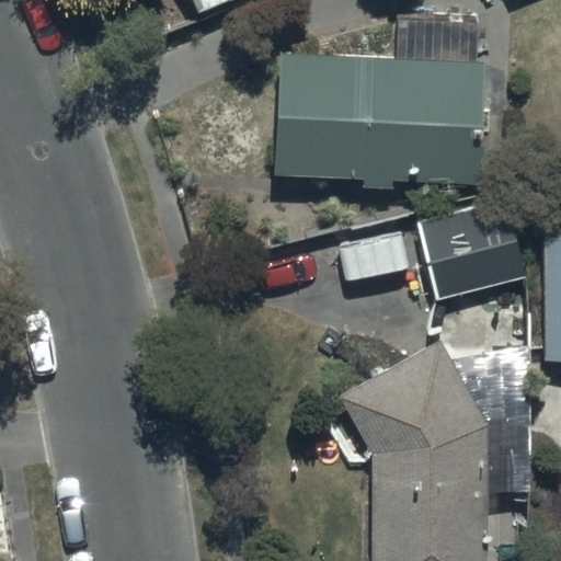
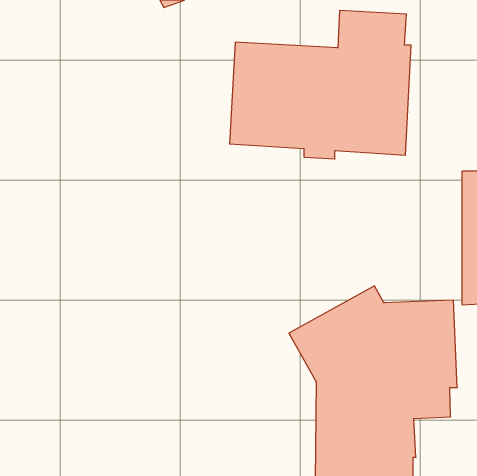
building: [414,198,528,302] -> none

